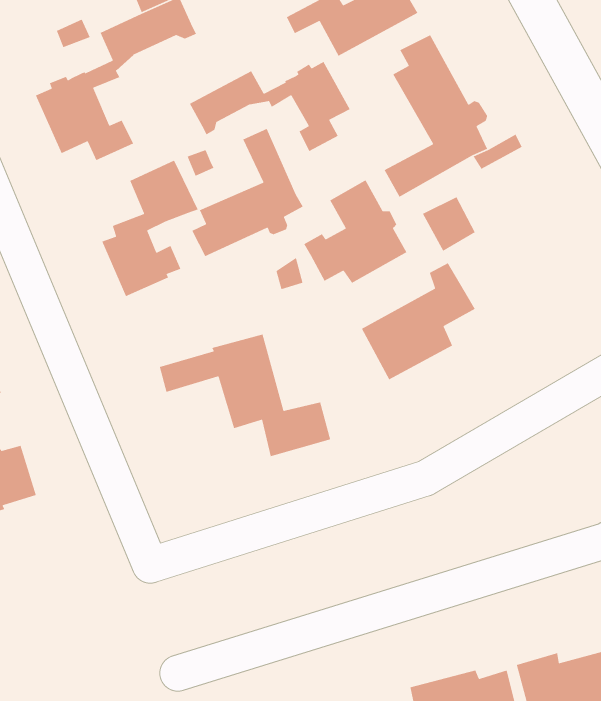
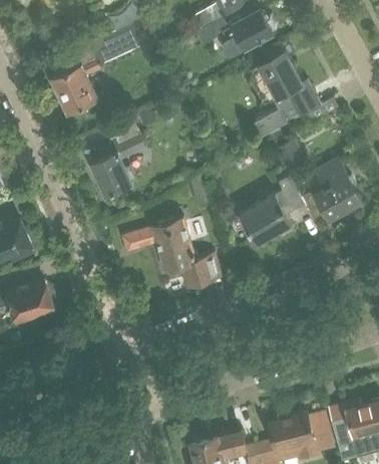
building: [189,61,351,152] -> none
building: [191,128,304,257] -> none
building: [303,179,408,284] -> [302,160,362,220]

